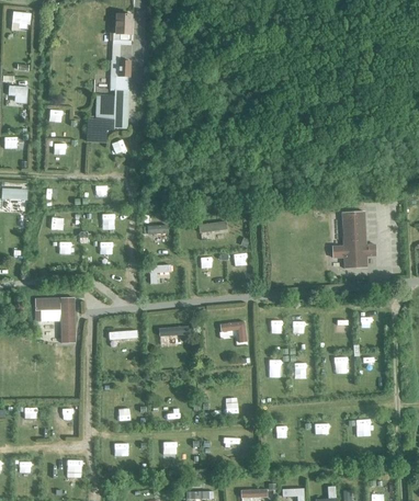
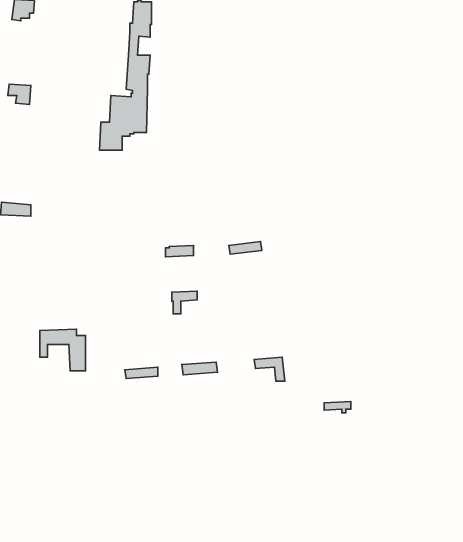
building: [332,212,371,269] -> none

